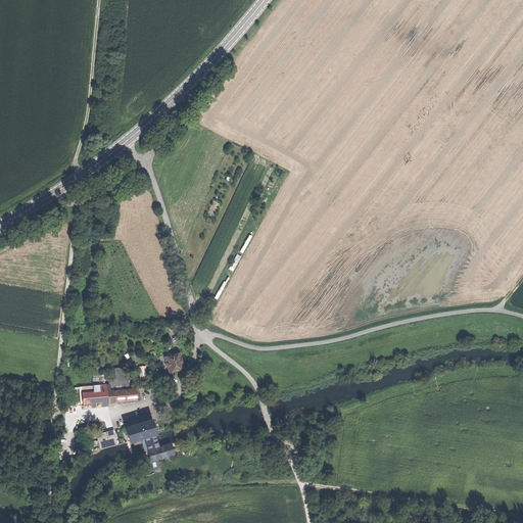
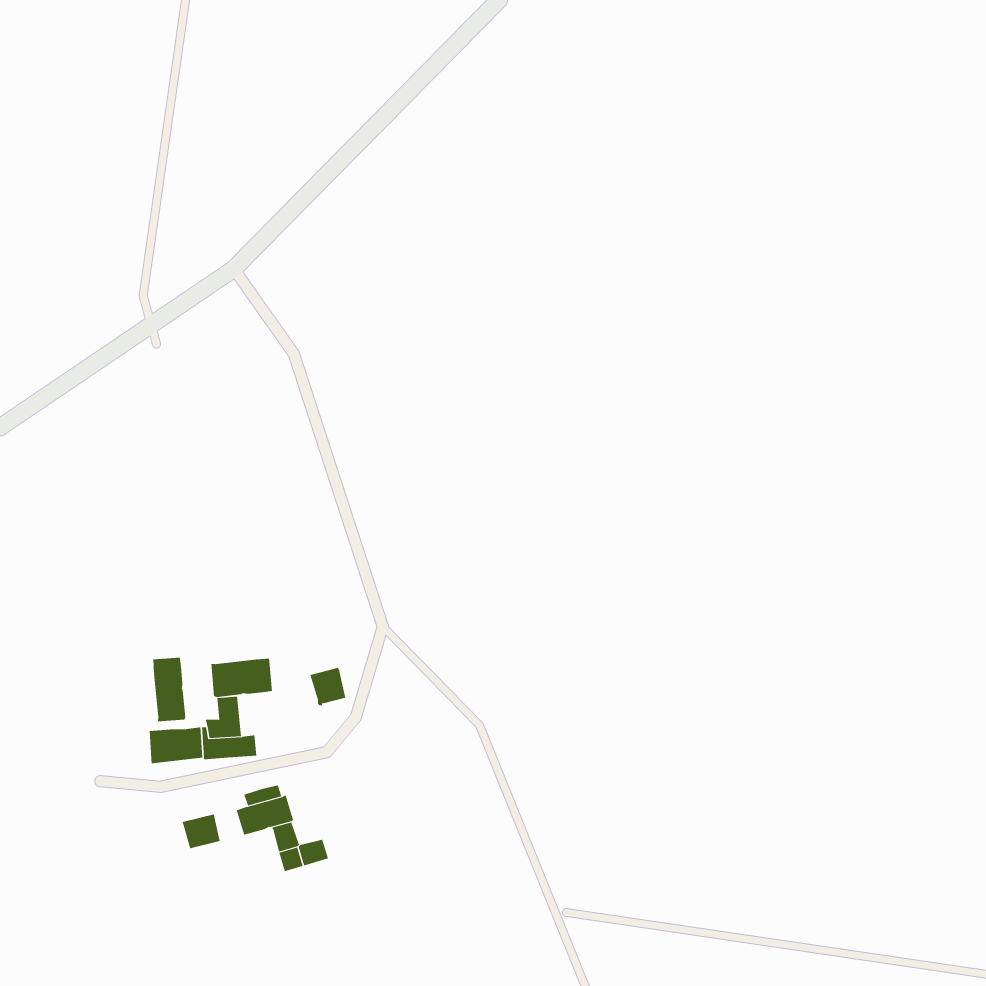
building: none -> [153,657,186,722]
building: none -> [211,658,273,698]

